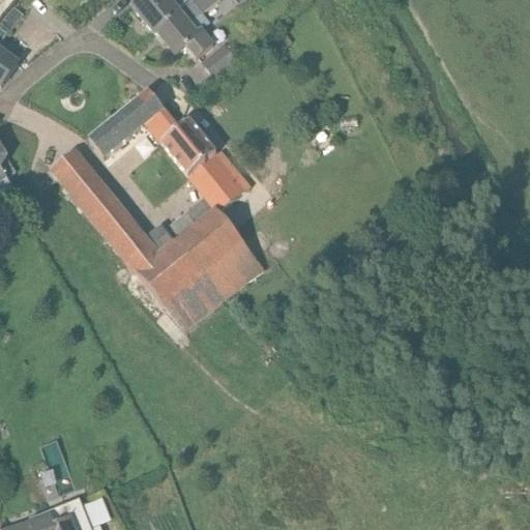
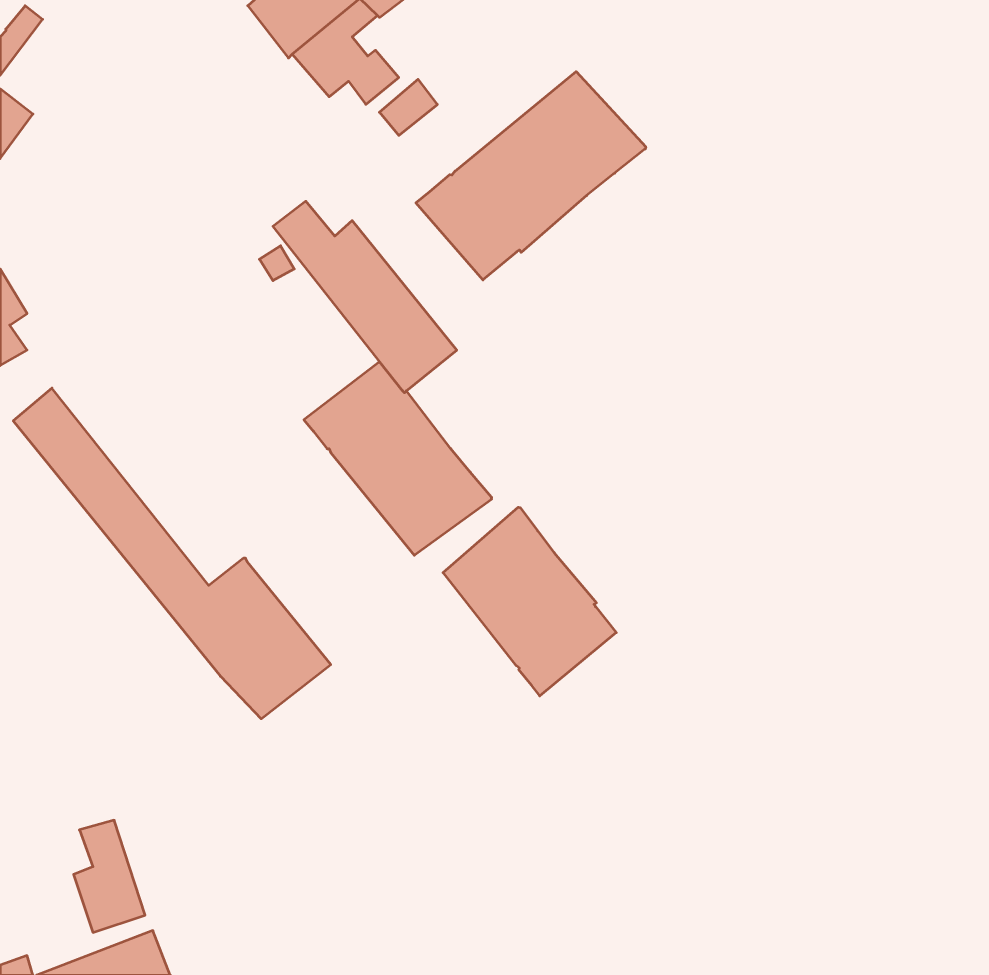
building: none -> [416,72,646,280]
building: [88,88,164,155] -> none
building: [52,149,222,326] -> [13,388,331,719]
building: none -> [443,507,616,696]

